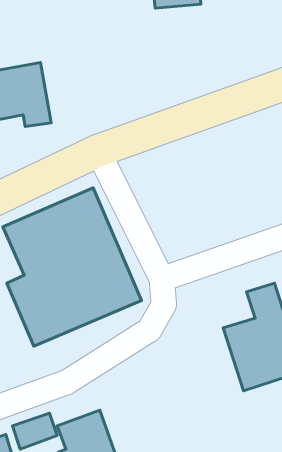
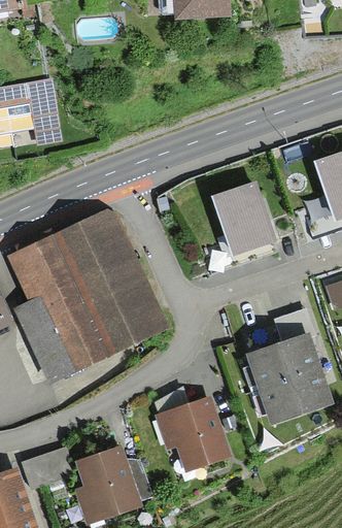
building: none -> [216,184,275,252]
building: none -> [157,401,224,469]

